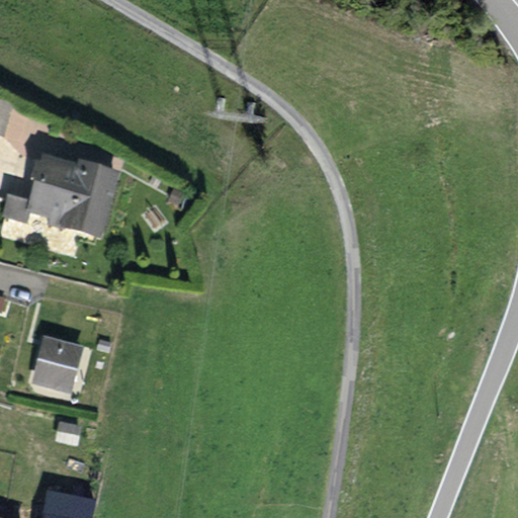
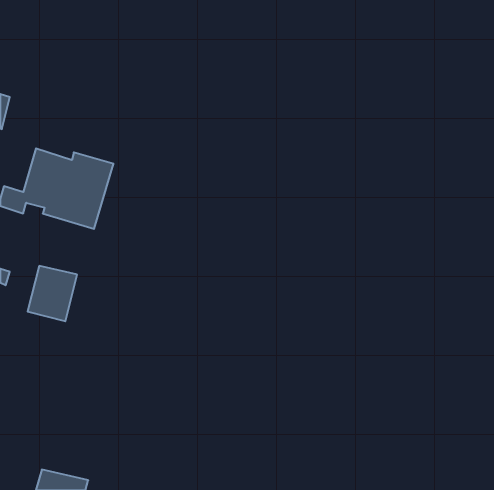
building: [31,336,83,394] -> [28,266,77,321]

